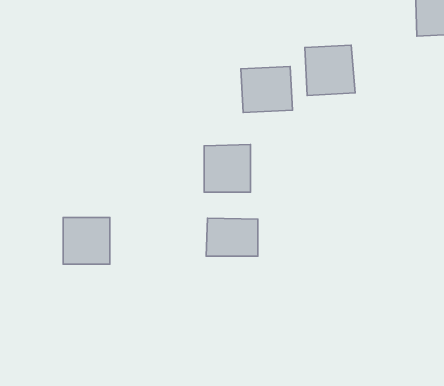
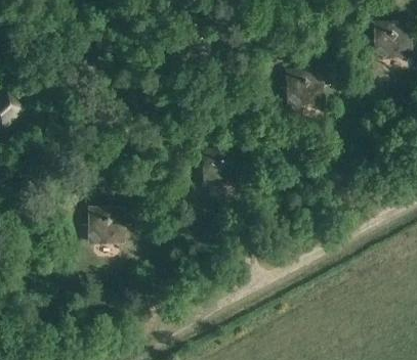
building: [241,66,292,113] -> none
building: [206,218,258,256] -> none

